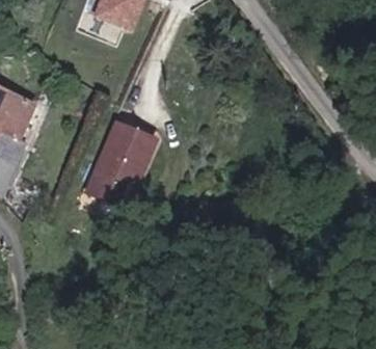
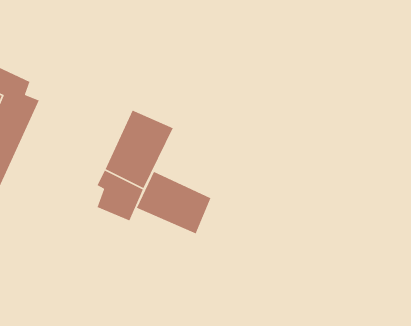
building: none -> [136,171,212,234]

